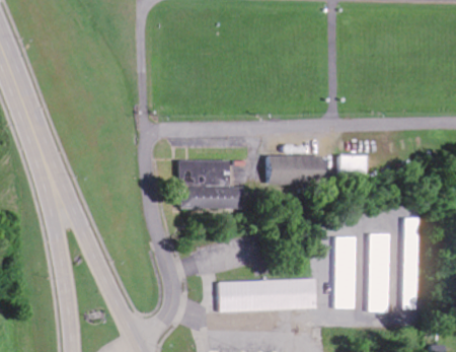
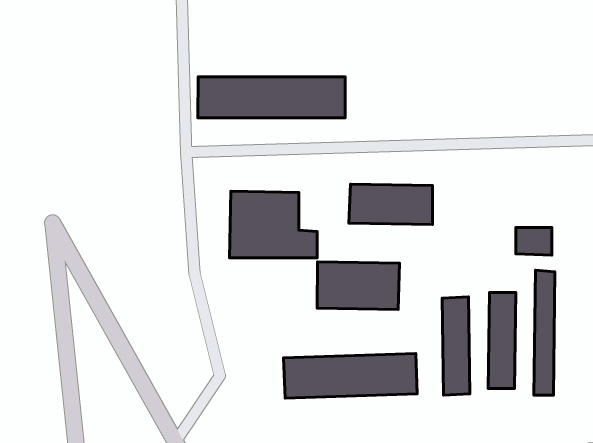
building: none -> [198,77,345,118]
building: [339,155,366,175] -> [516,227,552,255]
building: none -> [317,262,400,309]

